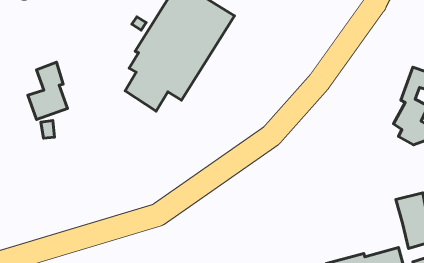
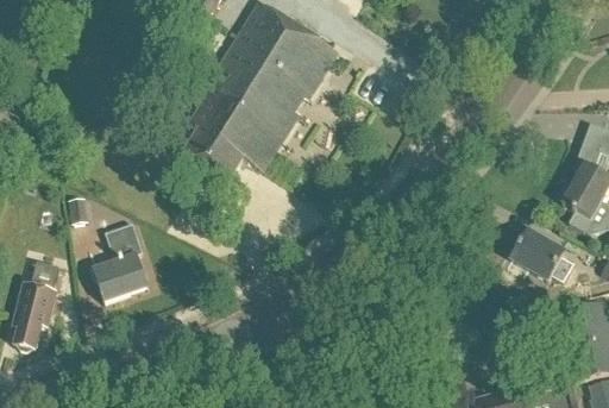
building: [28,62,67,120] -> [93,221,149,302]
building: none -> [511,230,573,281]
building: none -> [14,261,58,349]

